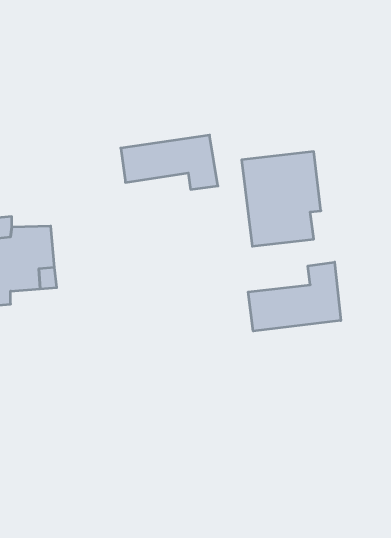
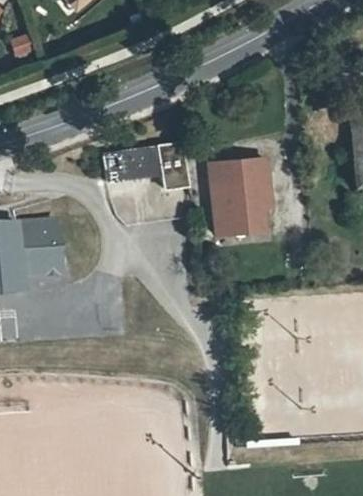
building: [248,262,341,331] -> none

